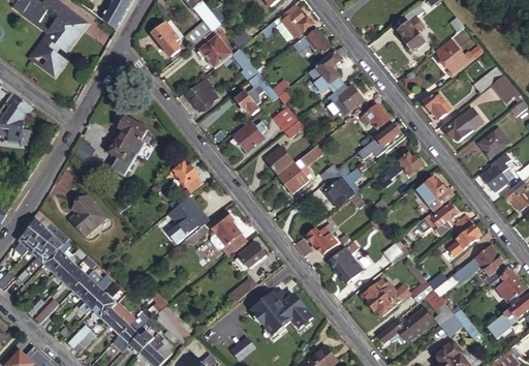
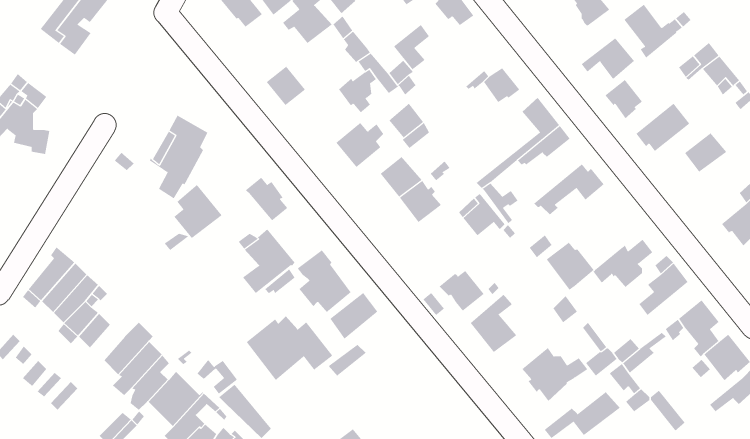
building: [315,51,341,83] -> [393,24,430,70]
building: none -> [581,38,635,80]
building: [480,153,515,190] -> none
building: [416,177,450,211] -> [546,242,594,291]
building: [70,193,104,232] -> [174,184,222,239]
building: [63,251,97,288] -> none
building: [252,289,313,335] -> [246,316,333,381]

